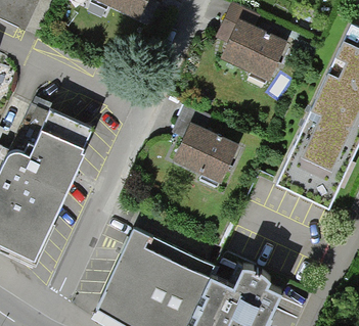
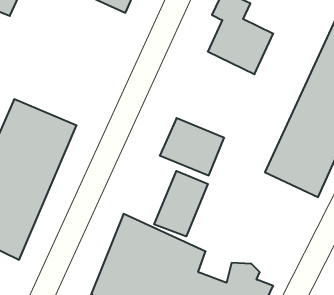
building: none -> [154,171,208,236]

